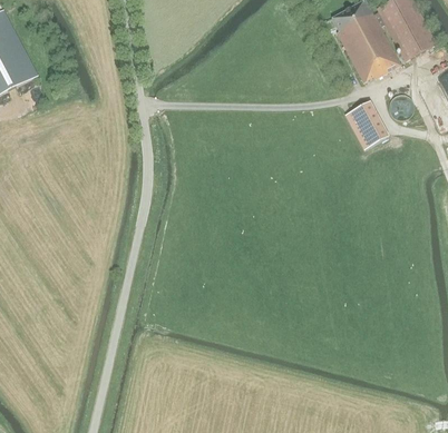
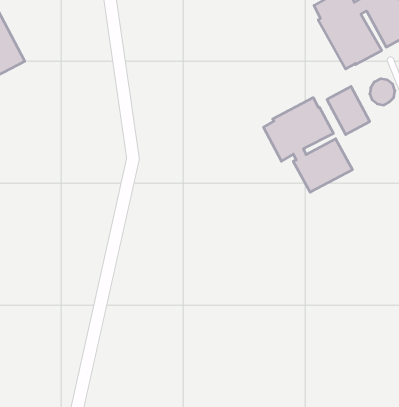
building: none -> [264,98,352,192]

